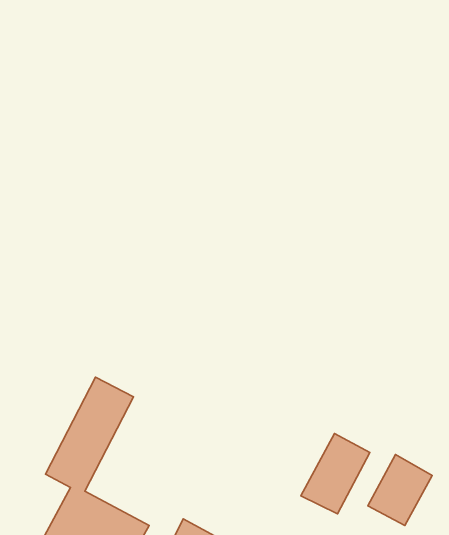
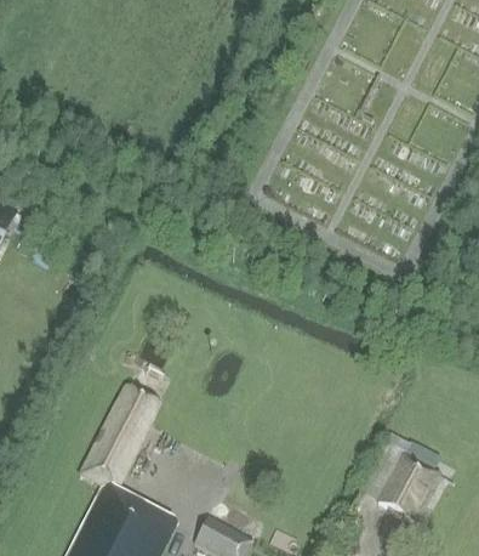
building: [301,433,370,514] -> none

